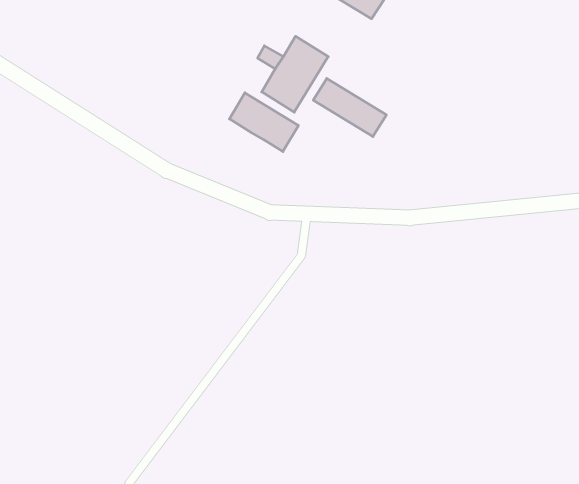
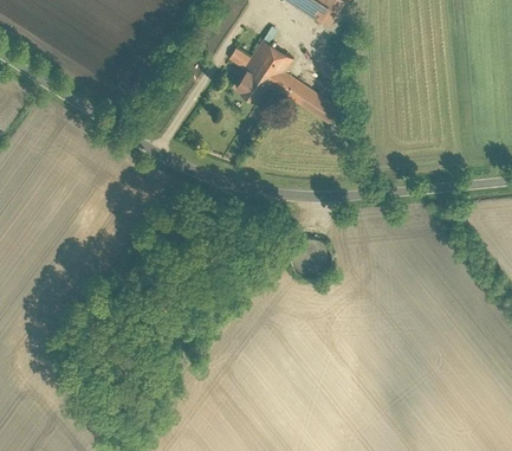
building: [229,93,298,152] -> none

